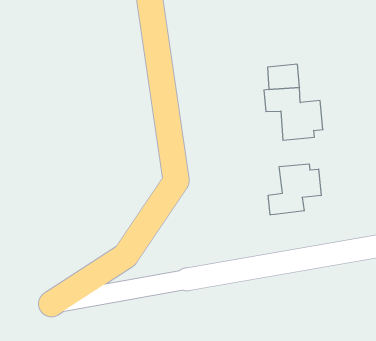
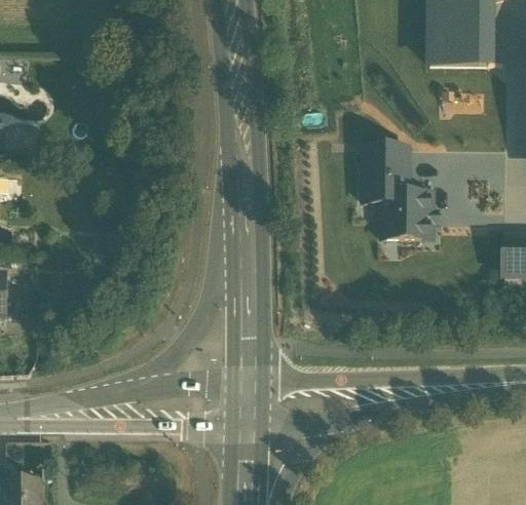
building: [268,164,321,215] -> none

